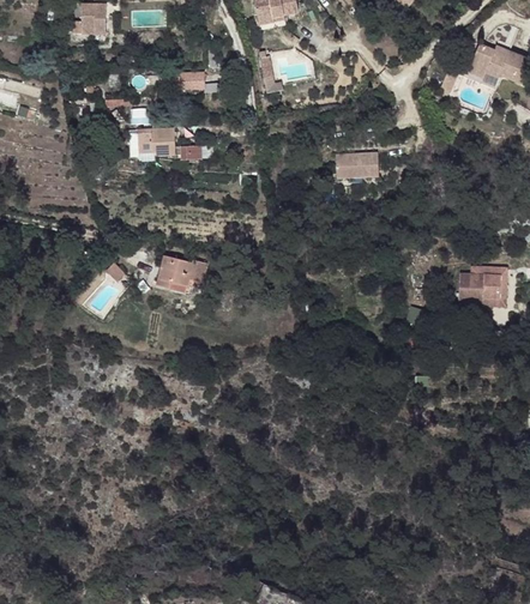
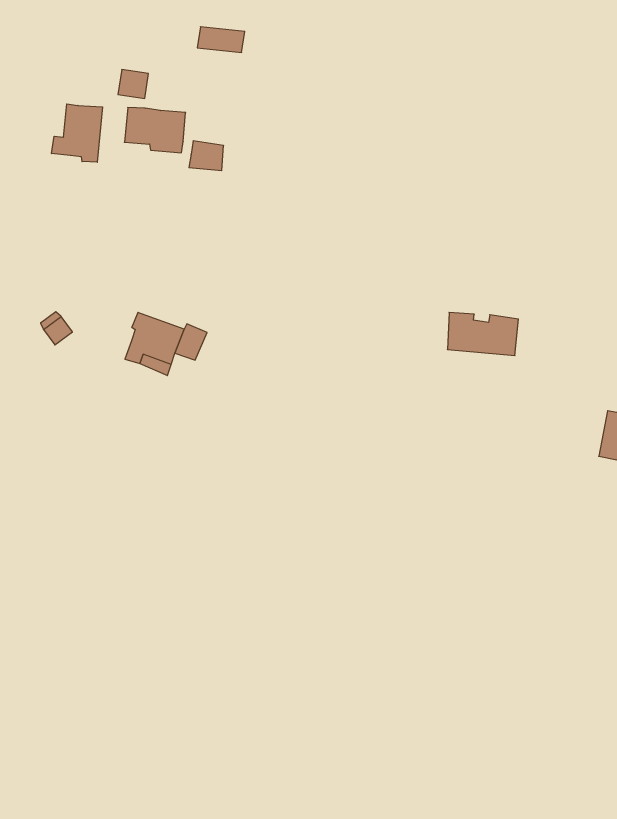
building: none -> [52,104,102,162]
building: [337,152,381,177] -> [447,312,518,356]

